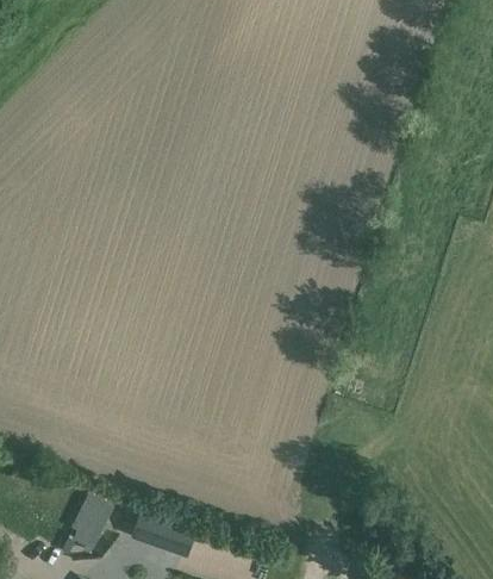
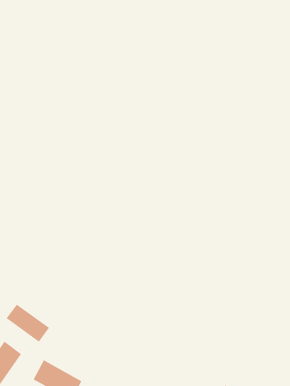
building: none -> [6,304,50,342]

